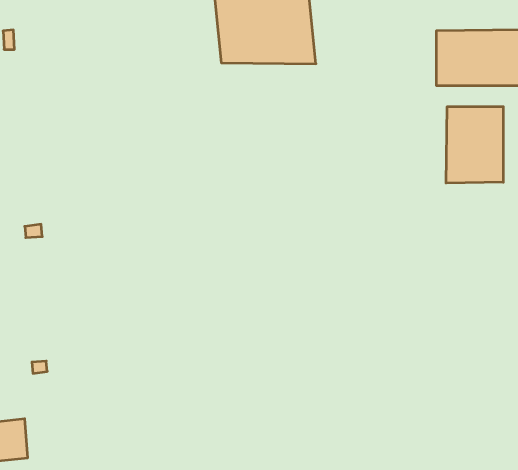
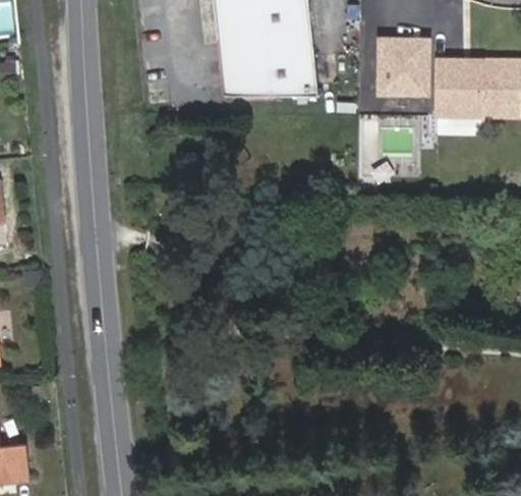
building: none -> [378,39,425,93]
building: [446,107,503,183] -> none

